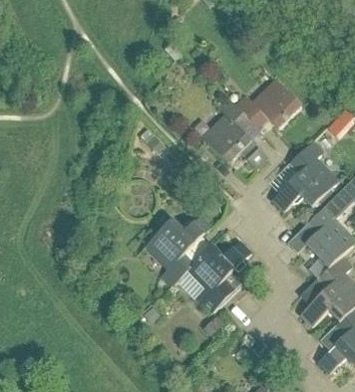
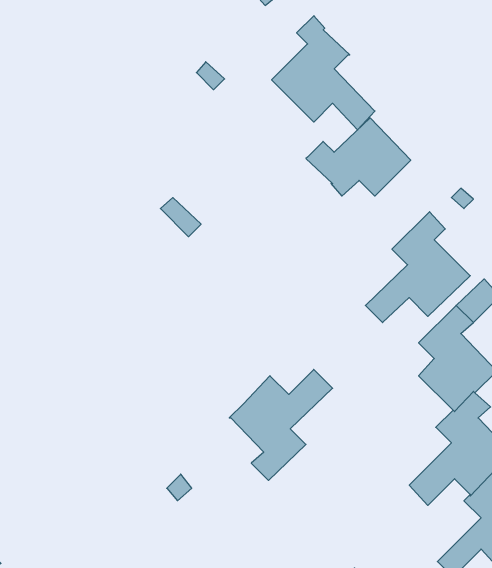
building: [201,95,267,169] -> [272,16,375,130]
building: [144,214,212,286] -> none

